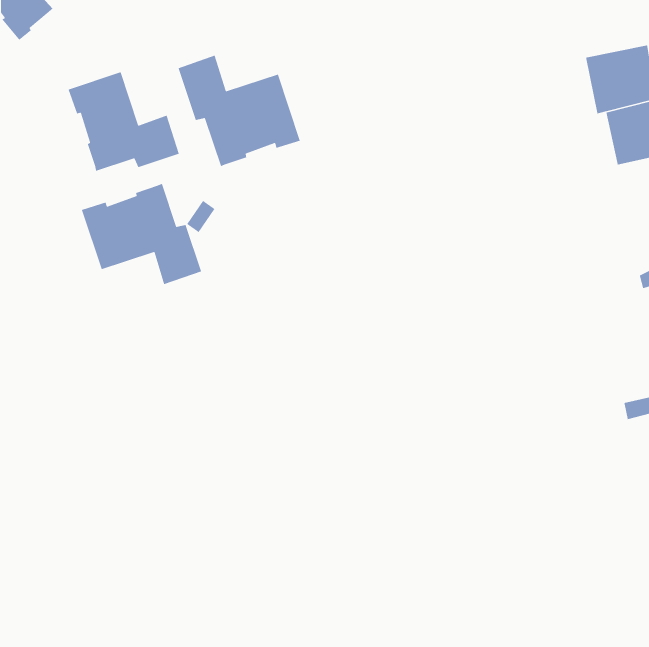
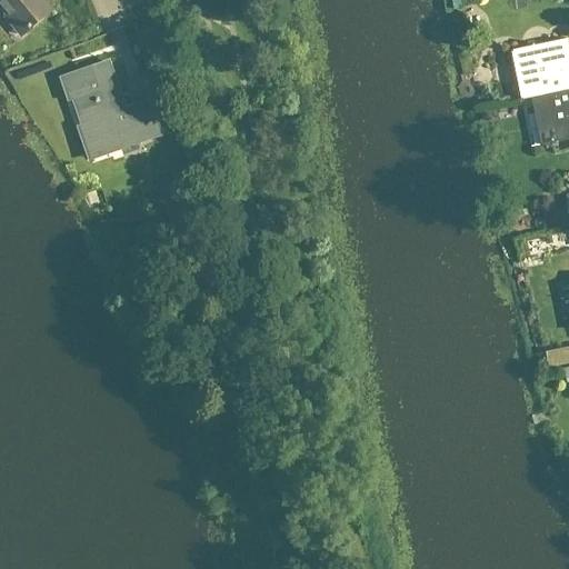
building: [177,55,301,167] -> none
building: [81,183,202,285] -> none

